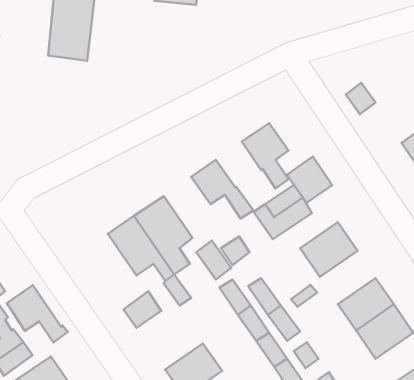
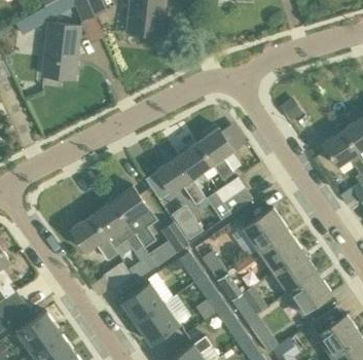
building: [287,157,332,202] -> [176,143,212,179]
building: none -> [258,229,302,272]
building: [7,285,68,342] -> [70,216,118,261]
building: none -> [120,281,166,323]

